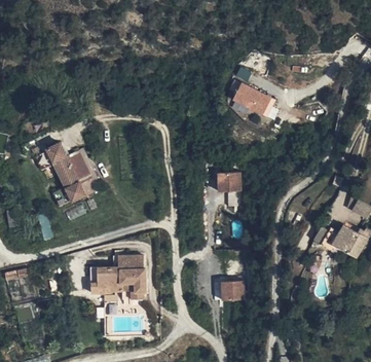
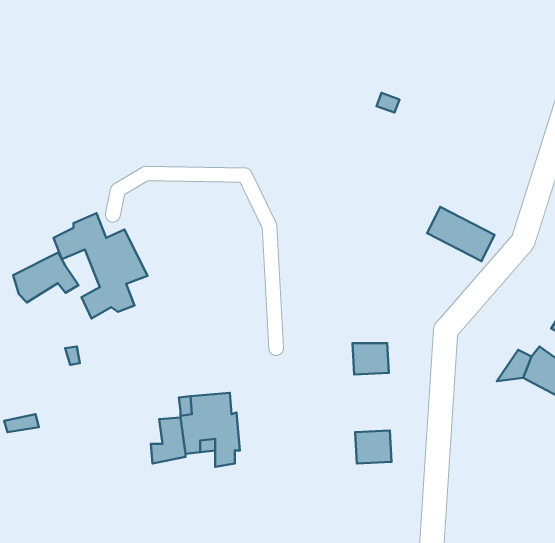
building: [229,84,271,118] -> [427,207,495,261]
building: none -> [13,253,79,302]
building: [219,170,242,189] -> [353,343,389,374]

